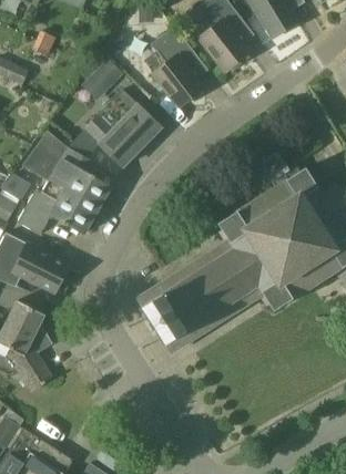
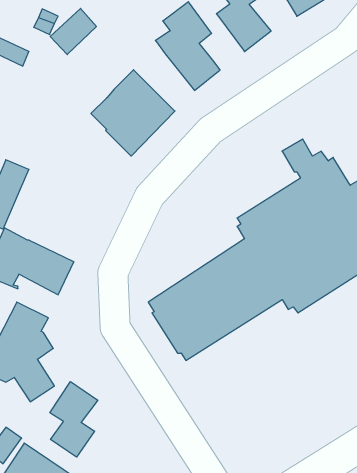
building: [81,56,123,99] -> [50,8,96,55]
building: [18,132,110,234] -> none
building: none -> [50,382,98,457]

